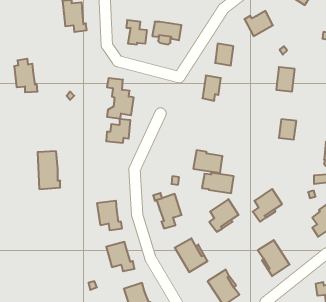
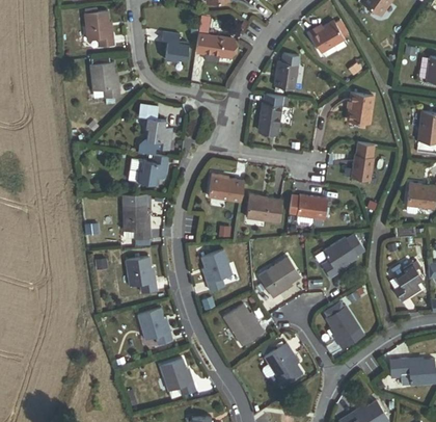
building: [14,59,38,92] -> [88,58,117,100]
building: none -> [208,174,244,202]
building: [38,151,60,189] -> [122,194,151,241]
building: [202,173,234,193] -> [290,194,329,219]

